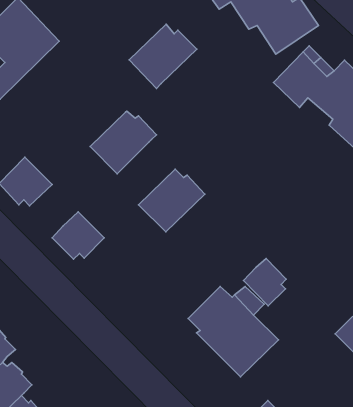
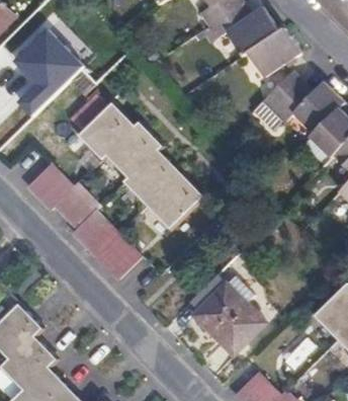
building: [129,24,197,88] -> [78,104,136,159]
building: none -> [124,151,180,205]
building: none -> [54,183,99,224]
building: none -> [95,233,141,274]
building: [243,259,286,306] -> none

